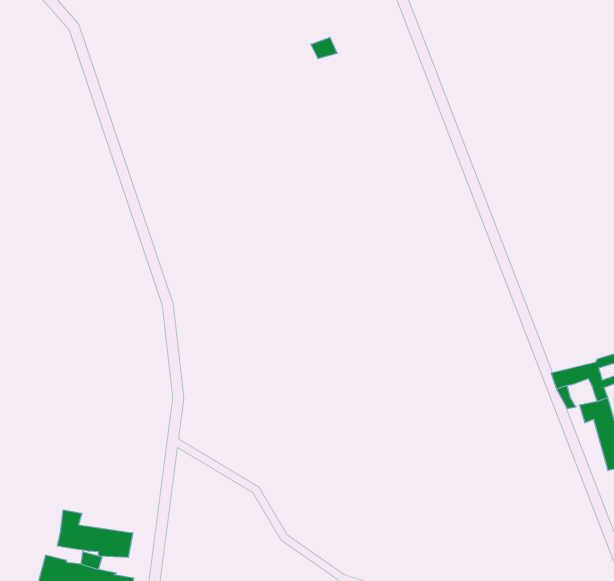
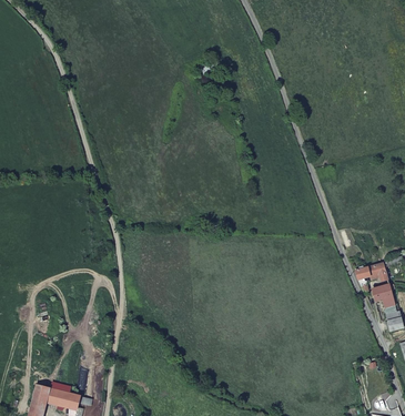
building: [57,510,133,558] -> none

